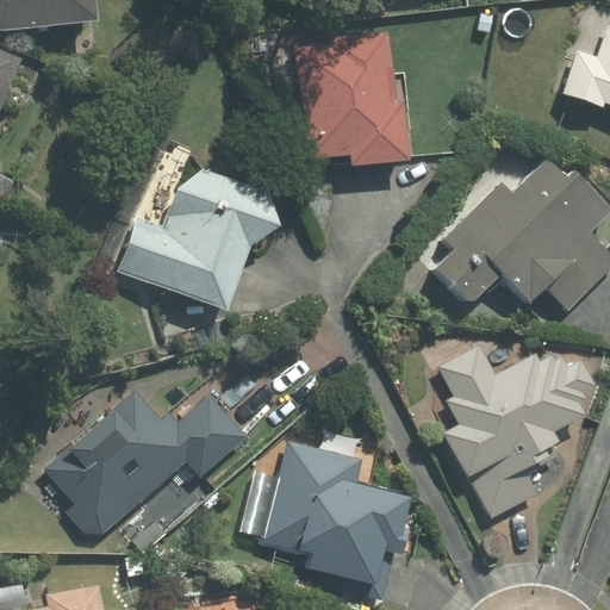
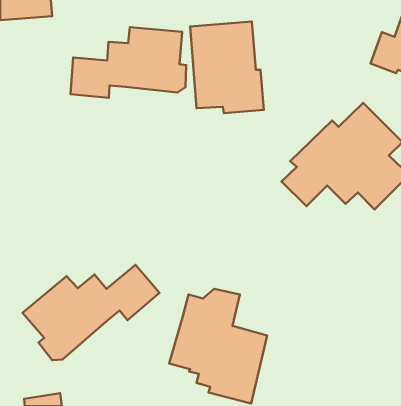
building: none -> [71,27,186,98]
building: [114,167,269,313] -> none
building: [438,326,596,515] -> none

